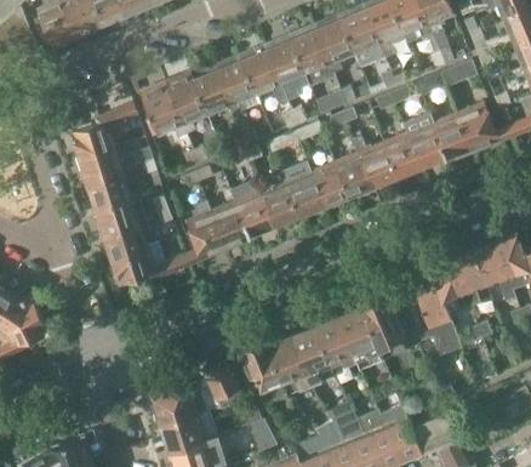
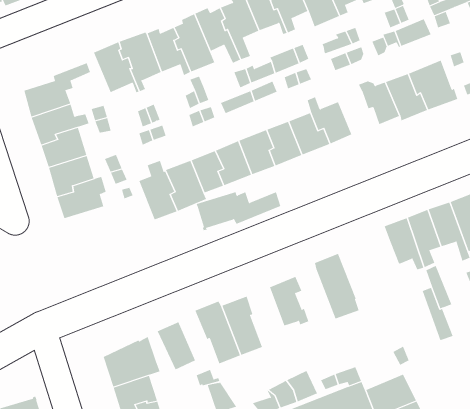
building: [384,132,424,175] -> none
building: [112,246,196,285] -> [196,192,281,231]
building: [407,281,462,358] -> none
building: [342,308,381,366] -> none
building: [293,326,330,386] -> none

